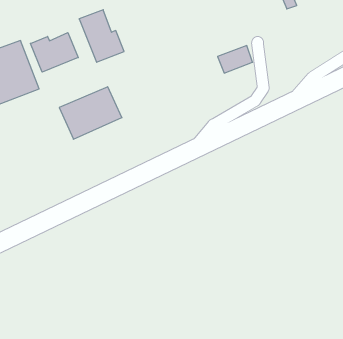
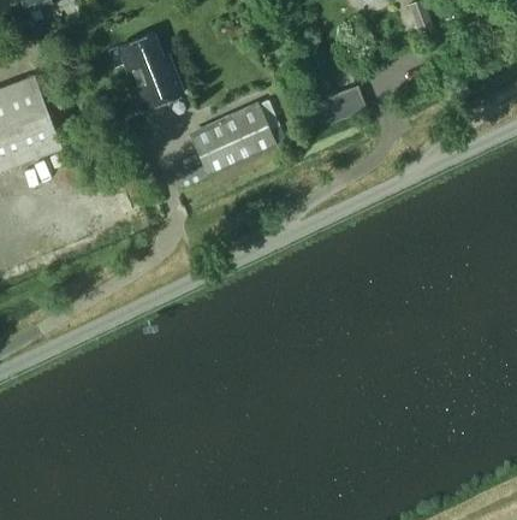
building: [30,33,78,72] -> none
building: [59,87,122,139] -> [188,102,278,178]

